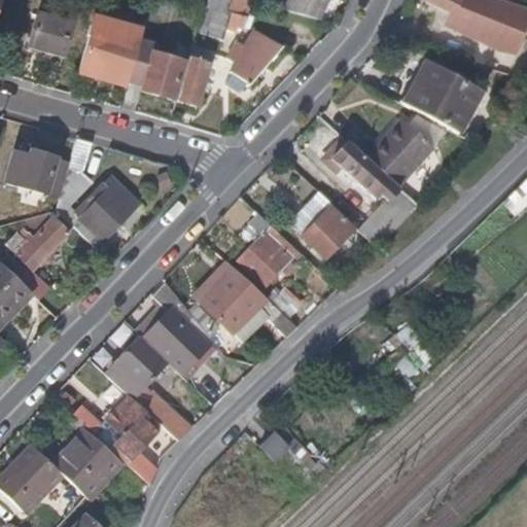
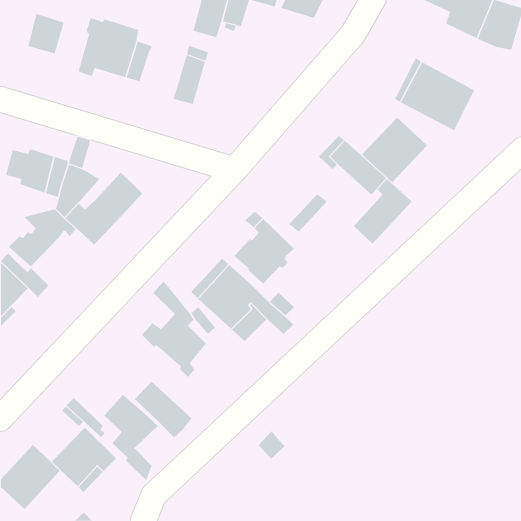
building: [224,33,280,96] -> none
building: [141,51,184,98] -> none
building: [303,203,355,256] -> none
building: [109,337,166,398] -> none

